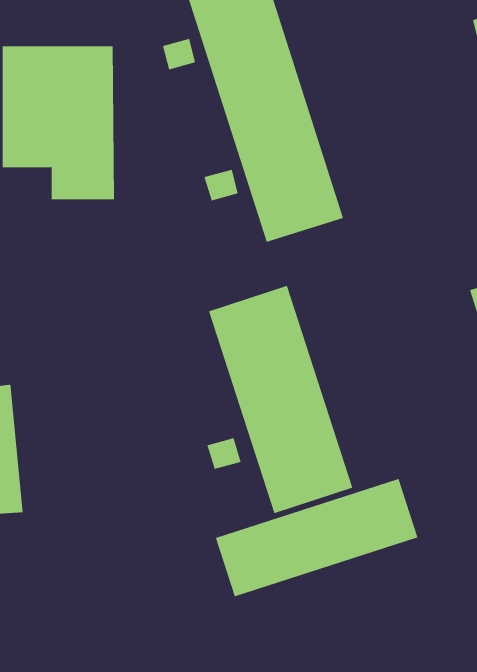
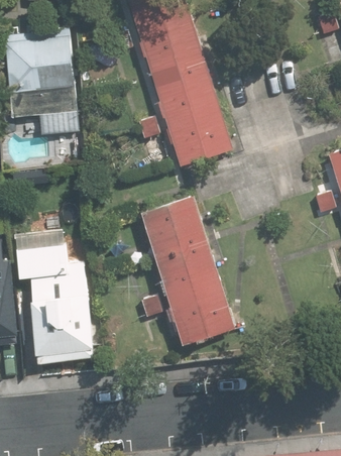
building: none -> [14,246,92,365]
building: [215,478,418,597] -> none

